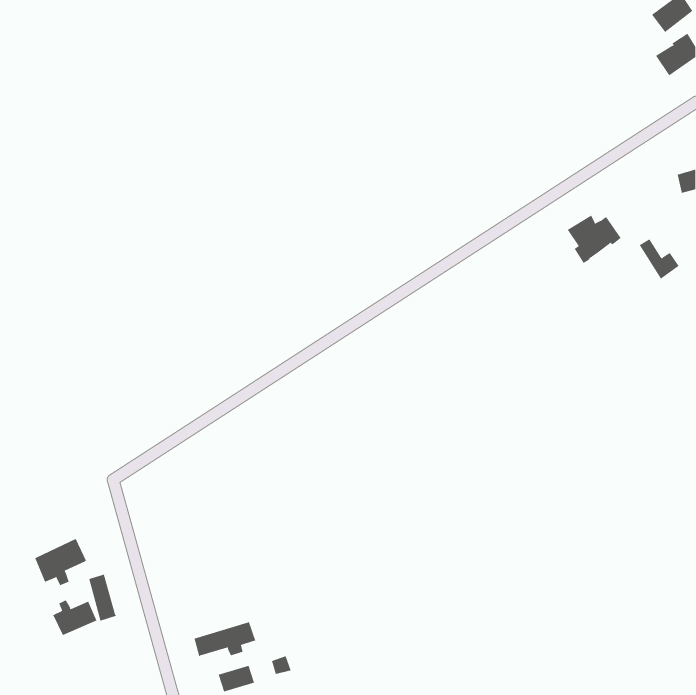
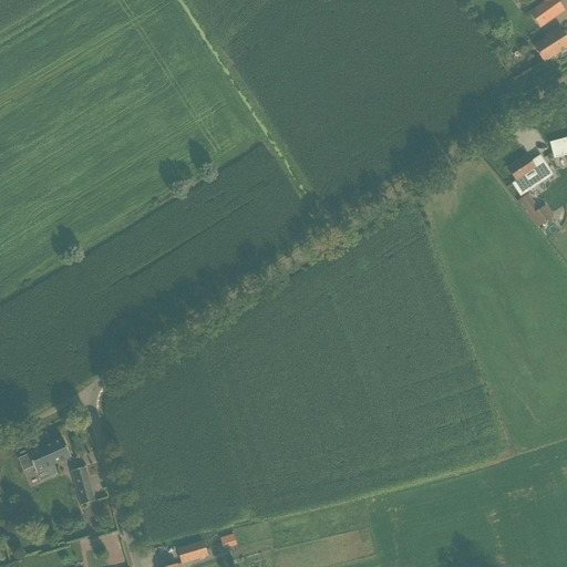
building: [567,215,621,264] -> [507,155,551,195]
building: [52,599,97,636] -> none
building: [194,621,256,657] -> none

